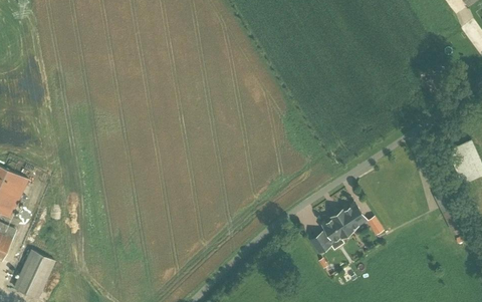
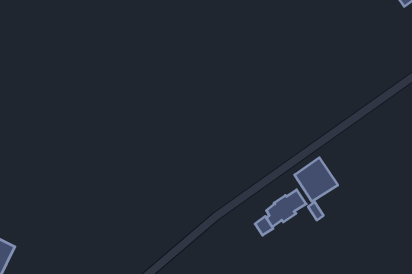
building: none -> [295,158,338,201]

